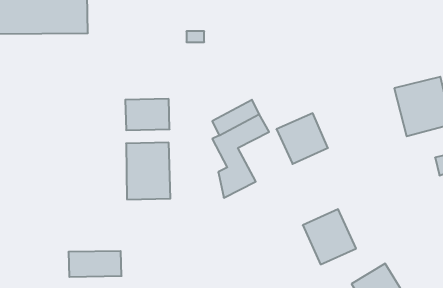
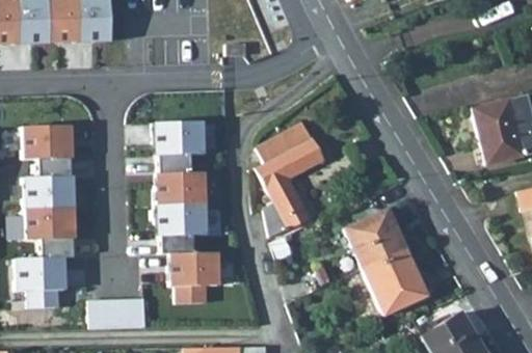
building: none -> [22,125,74,160]
building: [276,113,328,164] -> [345,209,405,268]
building: none -> [24,175,78,240]
building: none -> [170,251,221,304]
building: none -> [16,256,69,308]

